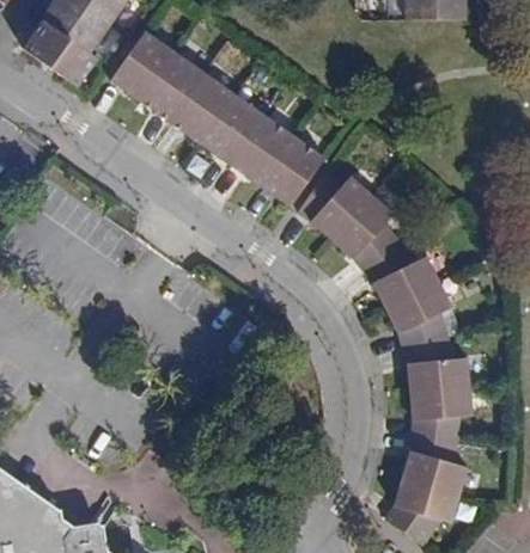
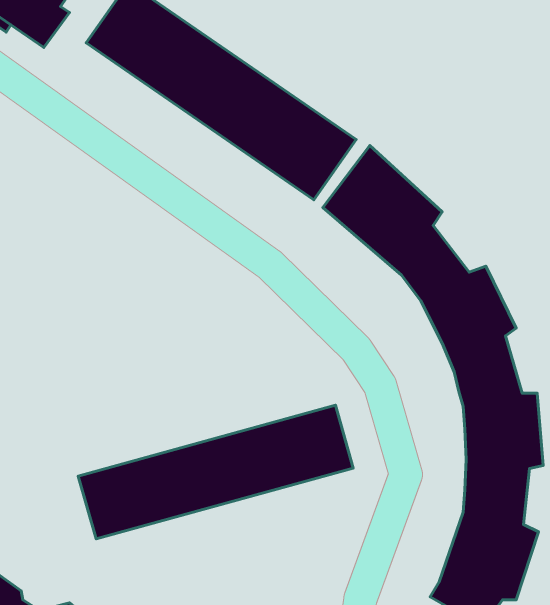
building: none -> [78,405,353,539]

